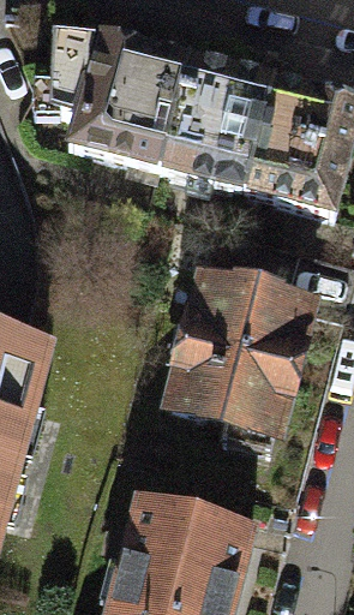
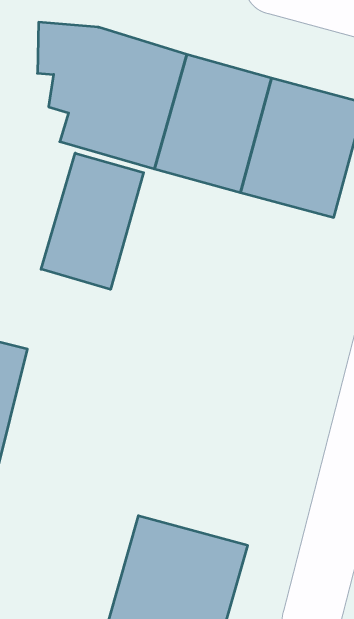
building: none -> [41,153,144,289]
building: [170,280,312,435] -> none

